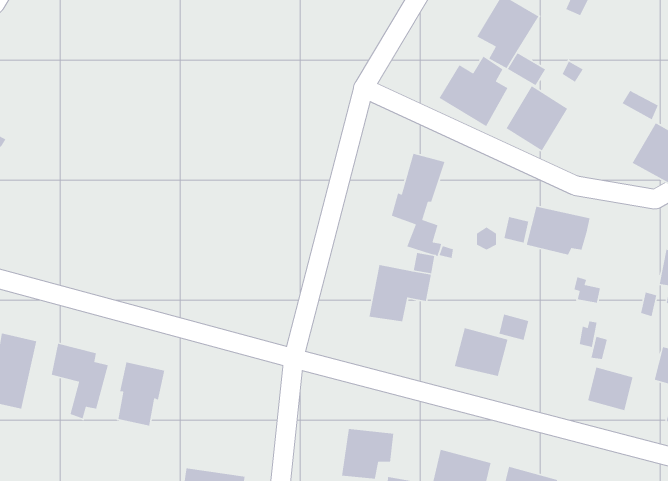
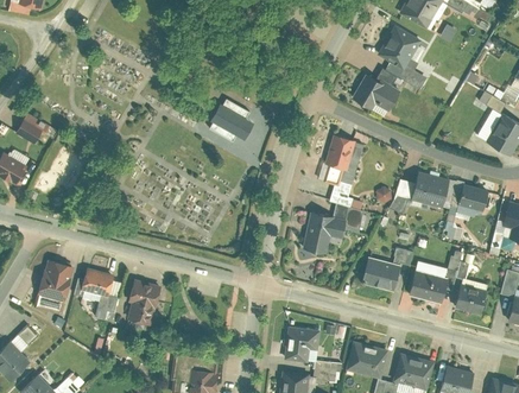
building: [506,85,568,151] -> none
building: none -> [209,102,254,140]
building: none -> [460,185,488,211]
building: none -> [410,271,449,304]

